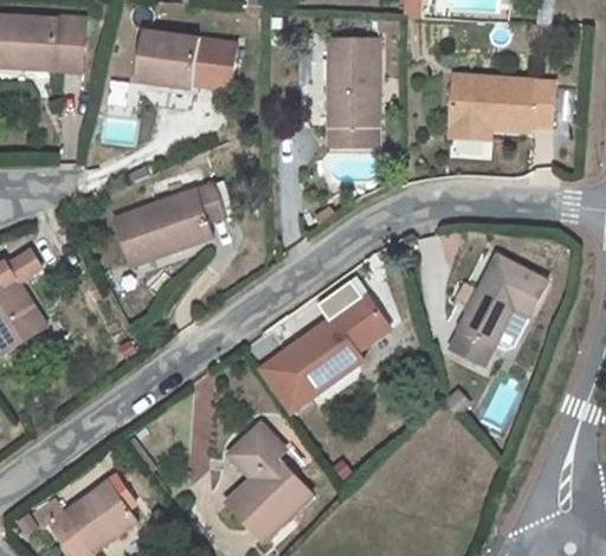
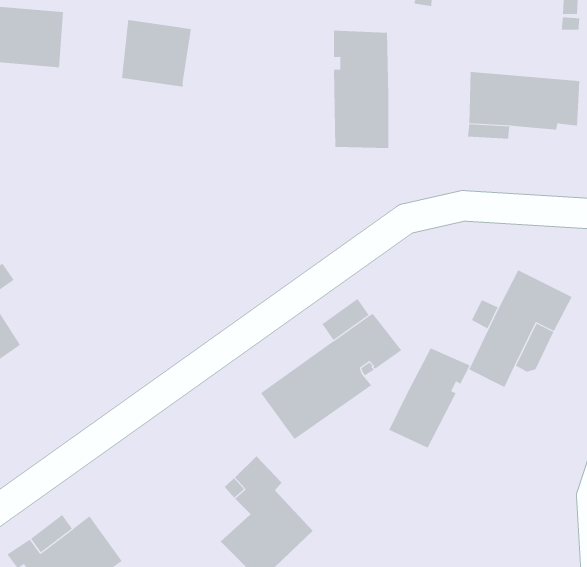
building: [193,38,238,90] -> none
building: [112,183,225,265] -> none
building: none -> [388,348,470,448]

